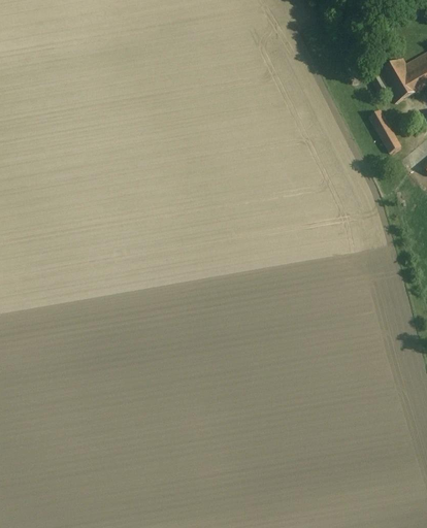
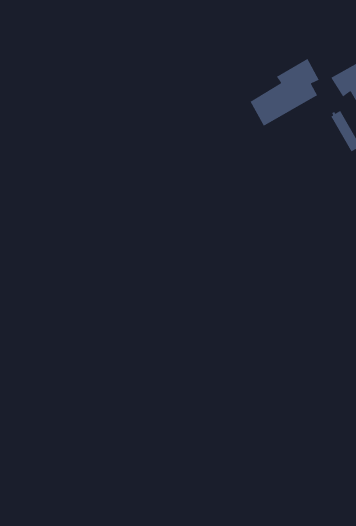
building: none -> [250,58,320,127]

